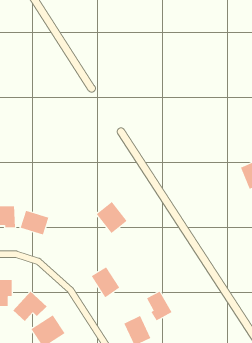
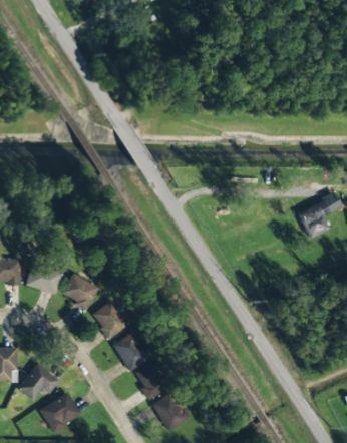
building: [96,201,128,234] -> [91,299,130,339]
building: none -> [62,273,99,311]
building: [146,291,172,321] -> [136,362,168,399]

